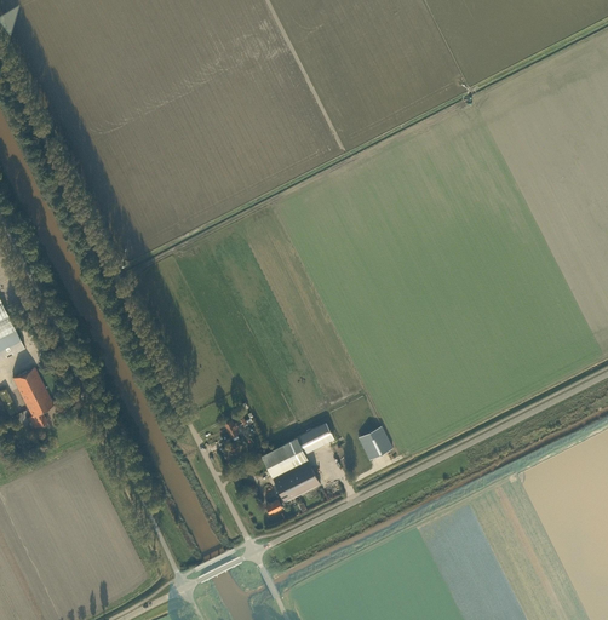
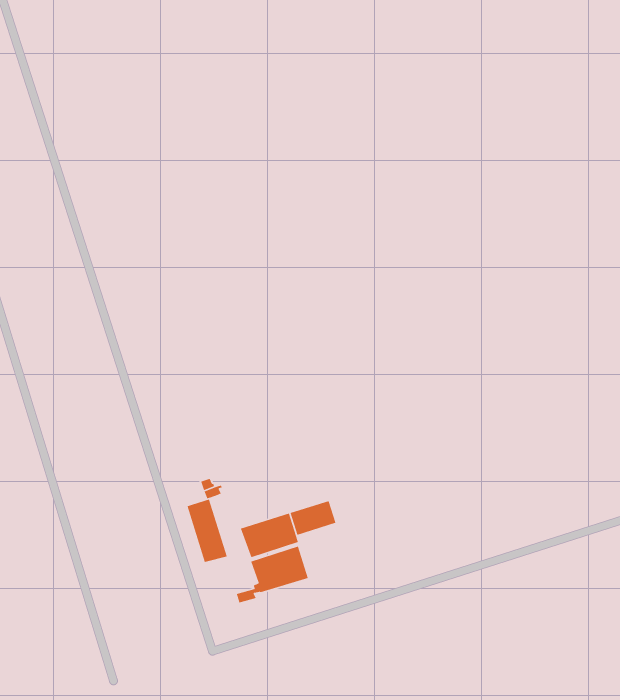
building: [359,426,392,460] -> none
building: none -> [187,499,228,563]

